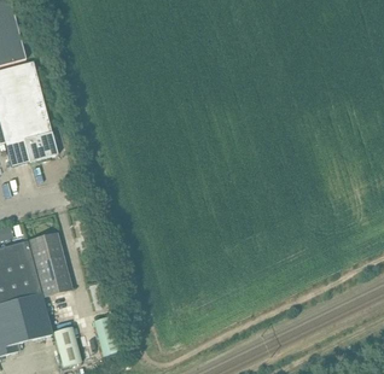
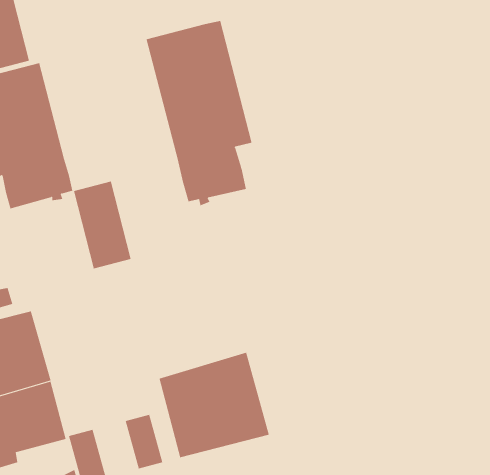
building: none -> [146,20,252,206]
building: [29,232,71,296] -> [73,181,132,269]
building: none -> [159,352,269,458]

